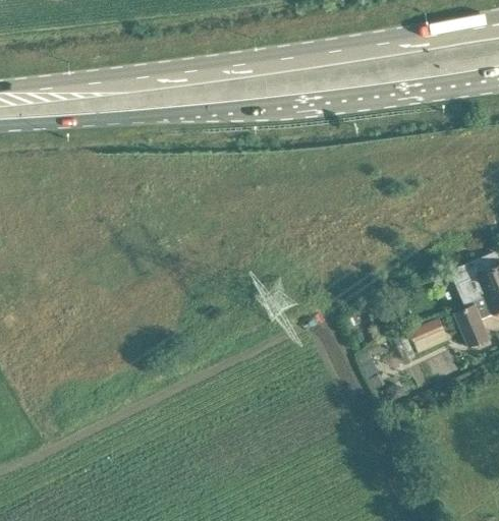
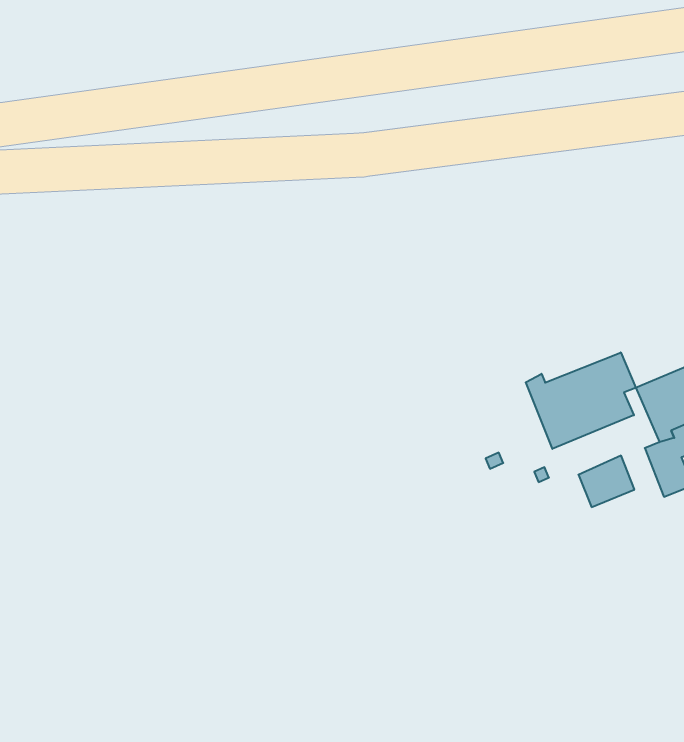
building: none -> [526,352,636,449]

